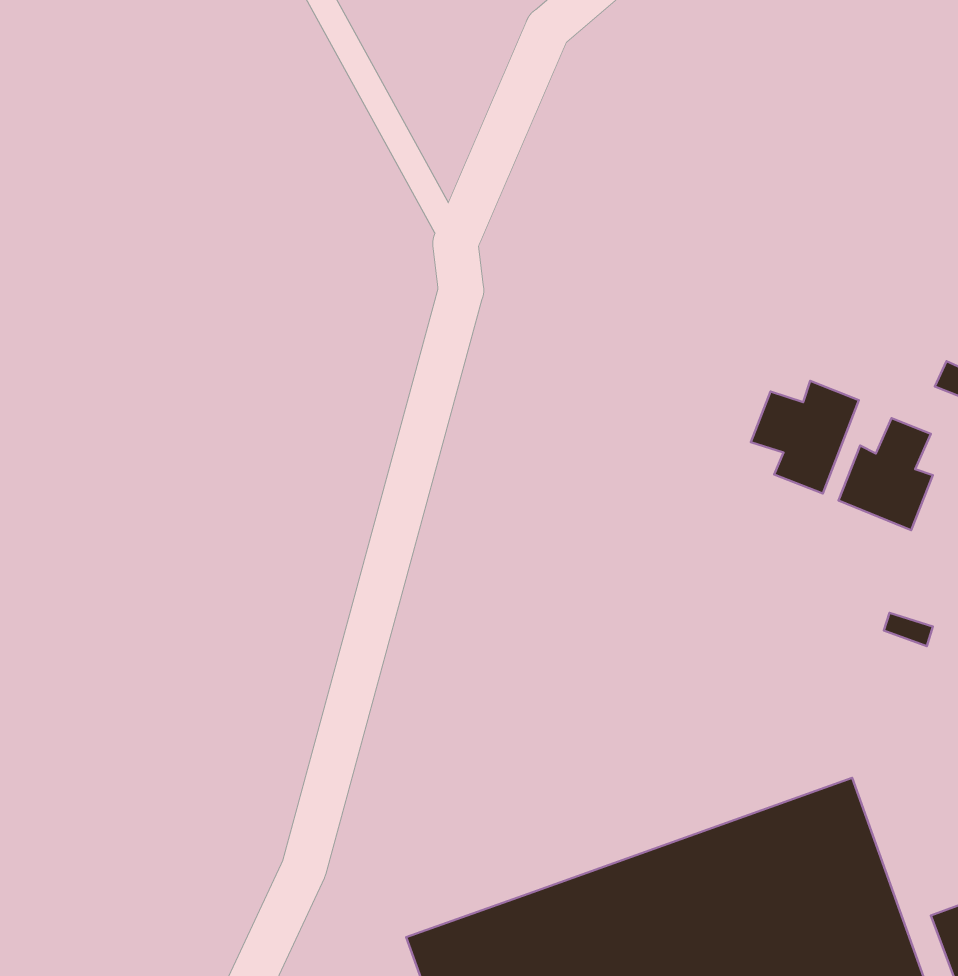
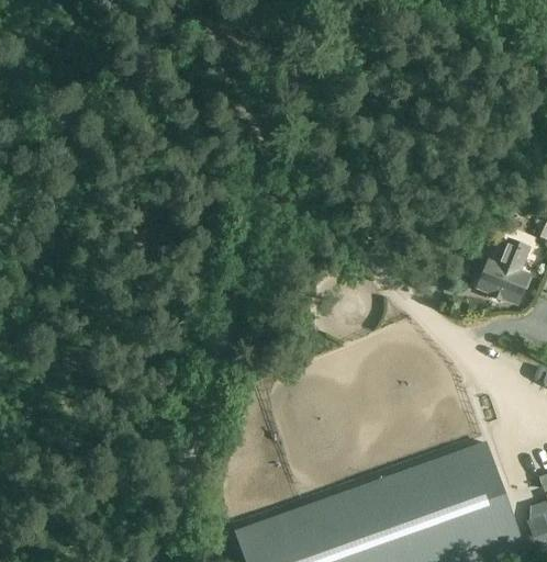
building: [751,381,859,494] -> none

